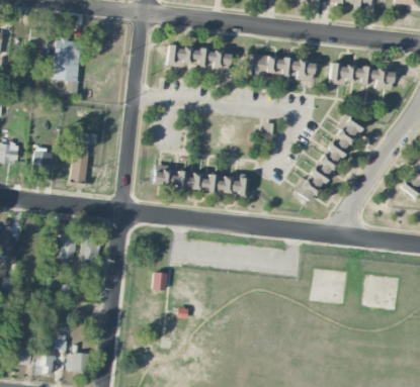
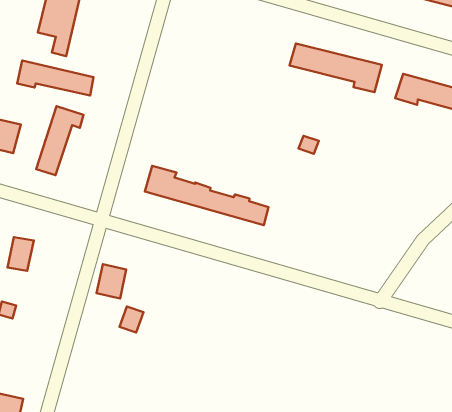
building: [166,45,231,70] -> none
building: none -> [17,61,94,96]
building: [293,115,362,202] -> none
building: [80,236,99,260] -> [97,264,126,298]

